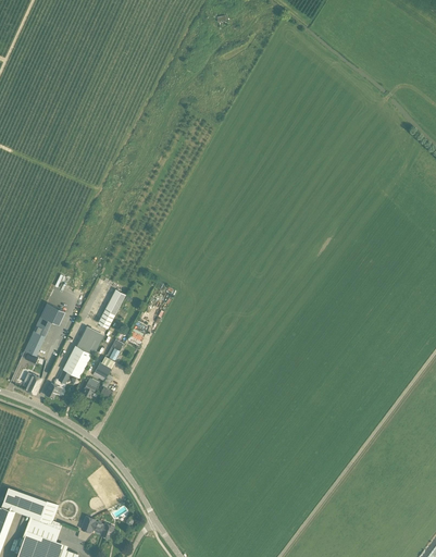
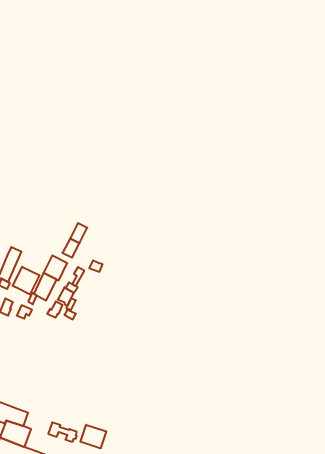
building: none -> [13,267,39,294]
building: none -> [80,425,106,448]

